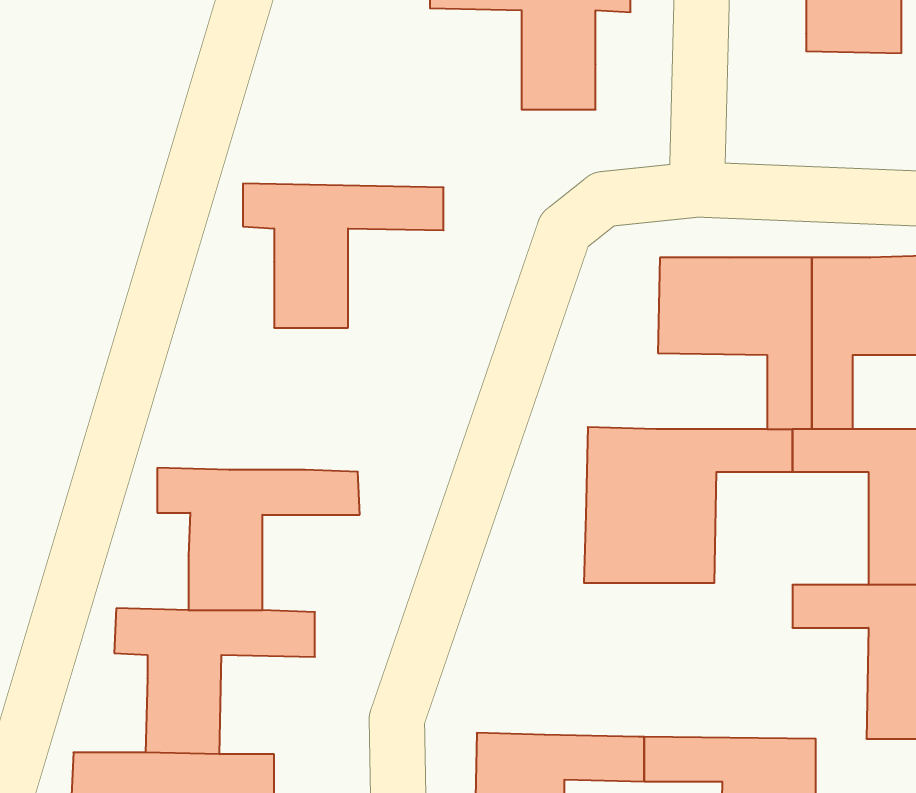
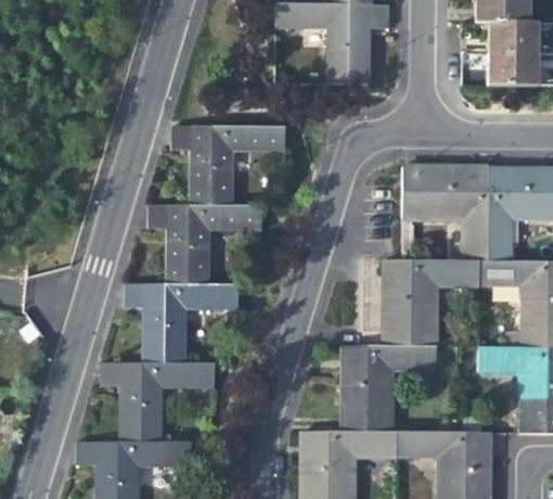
building: none -> [487,51,540,84]
building: none -> [149,205,261,284]
building: none -> [342,346,436,433]

